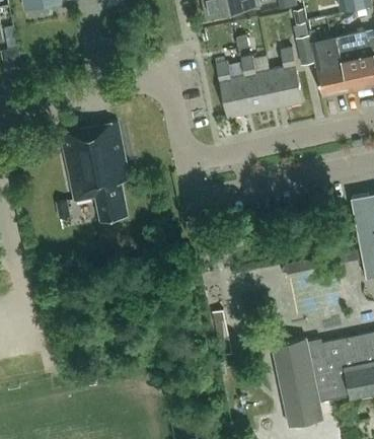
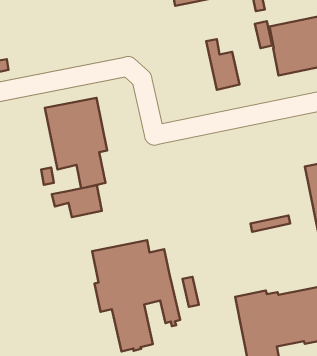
building: [270,49,303,107] -> none
building: [216,62,252,119] -> none
building: none -> [52,185,102,217]
building: none -> [92,240,180,351]

